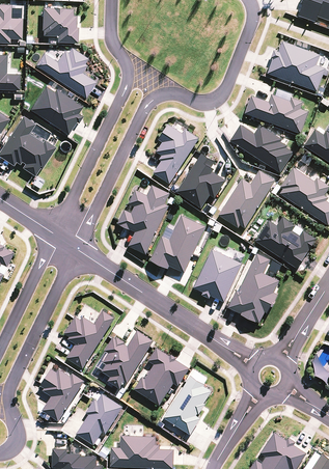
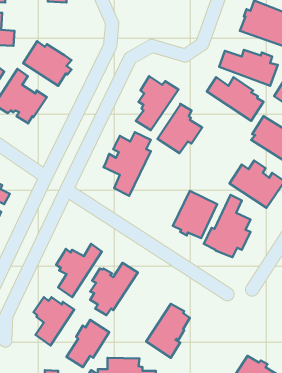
building: [35,48,95,99] -> none
building: [218,171,275,228] -> none
building: [150,216,205,273] -> none
building: [135,346,190,404] -> none

